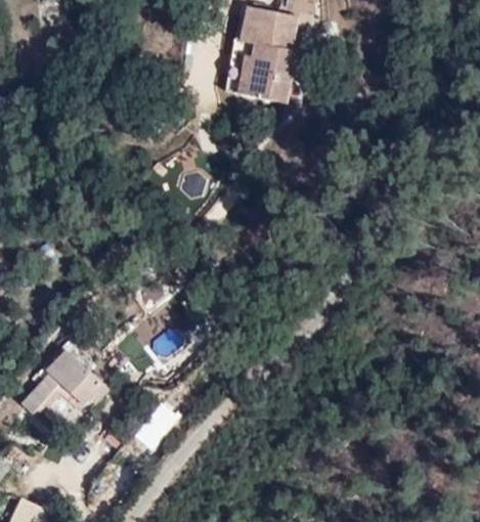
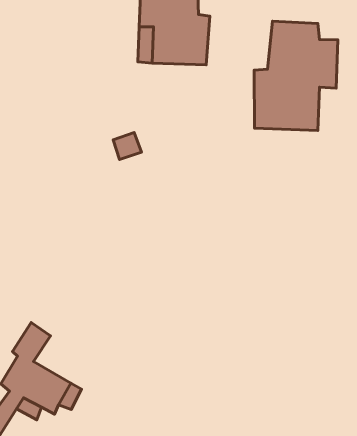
building: none -> [254,21,338,130]

